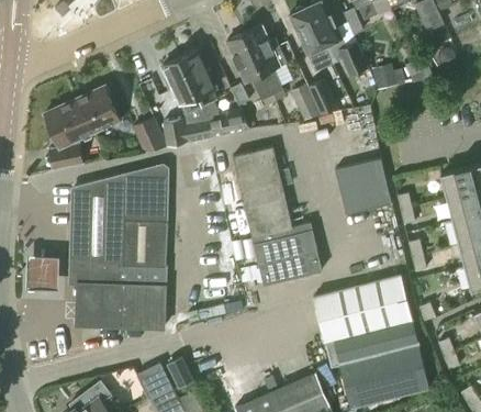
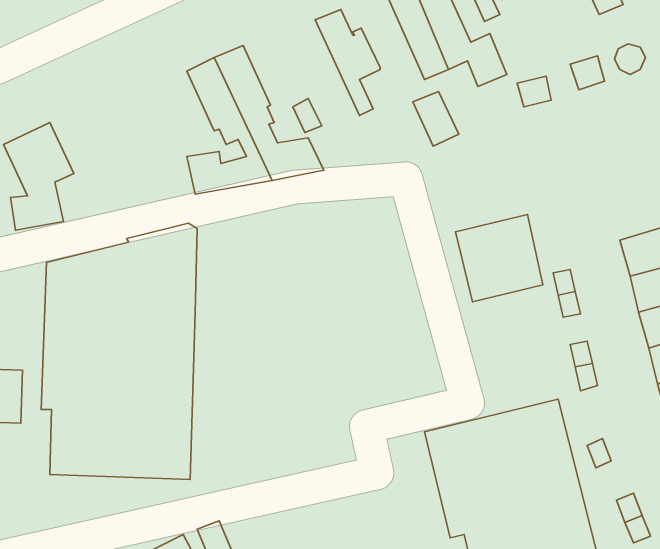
building: [228,33,273,101] -> none
building: [75,85,121,132] -> none
building: [290,85,321,121] -> none
building: [132,116,168,152] -> none
building: [233,147,320,285] -> none

